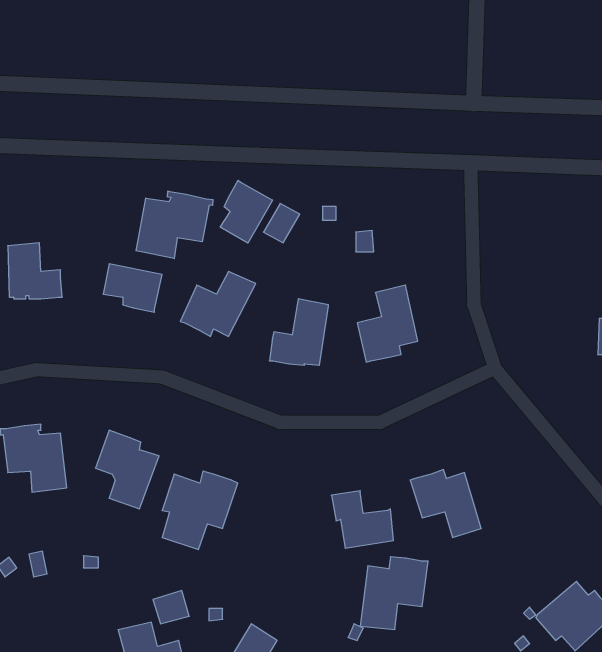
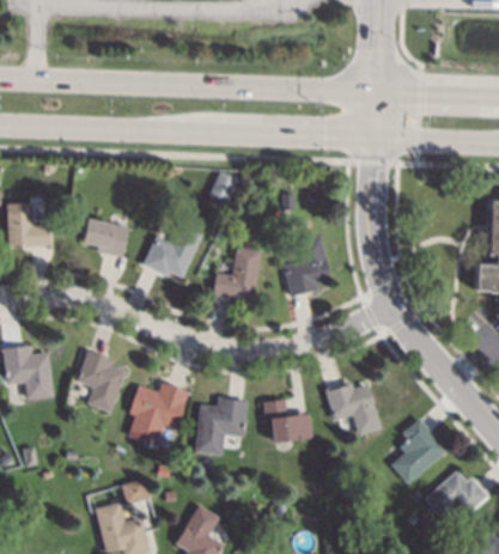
building: [220,180,273,243] -> none
building: [136,191,213,259] -> none
building: none -> [391,418,448,485]
building: [360,557,428,629] -> [195,397,249,455]

